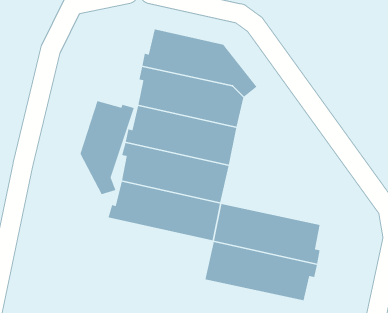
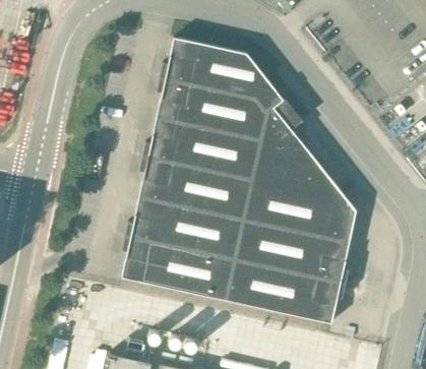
building: none -> [245,99,357,244]
building: [79,100,135,195] -> none
building: none -> [122,237,237,302]

